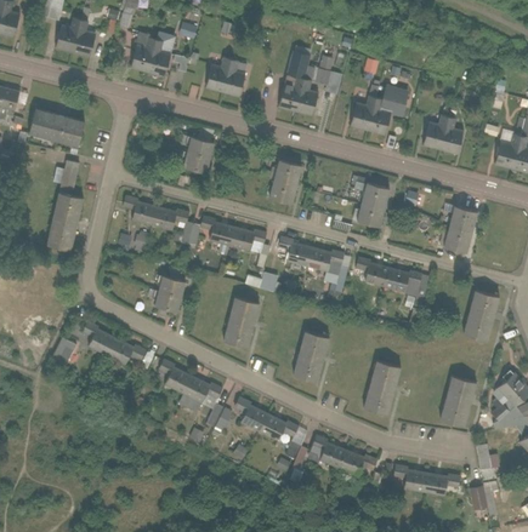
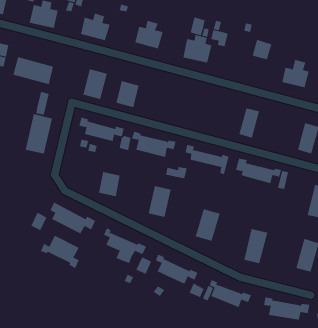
building: [351,95,391,133] -> none
building: none -> [83,69,107,100]
building: [272,160,305,204] -> none
building: none -> [40,235,79,269]

